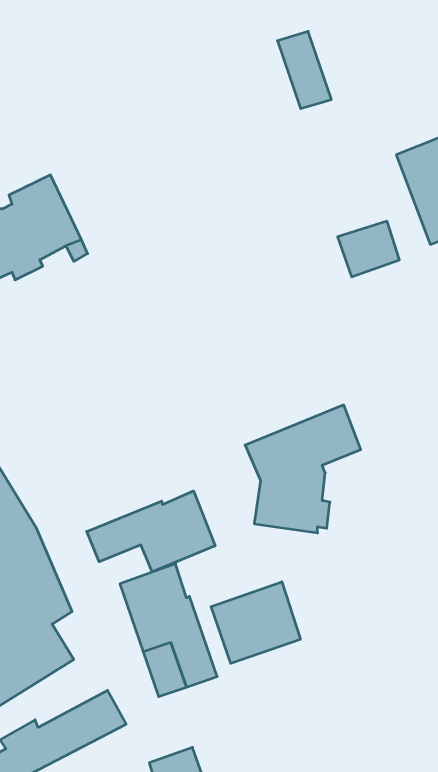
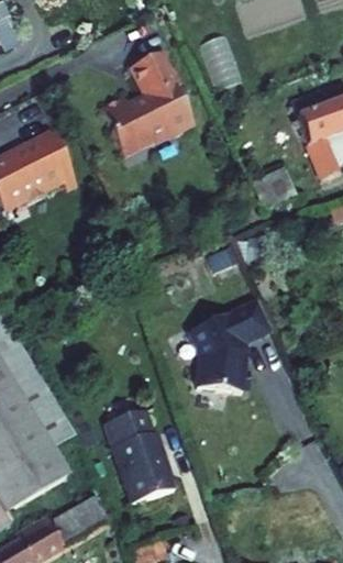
building: none -> [102,55,196,157]
building: [87,491,215,572] -> none
building: [211,582,300,663] -> none

